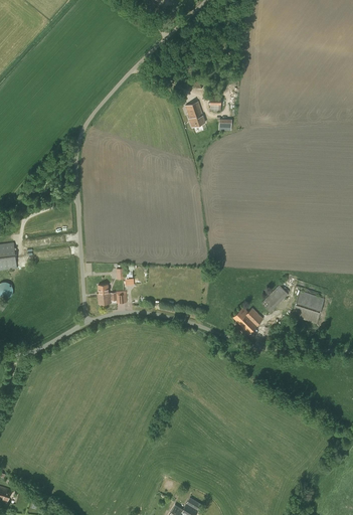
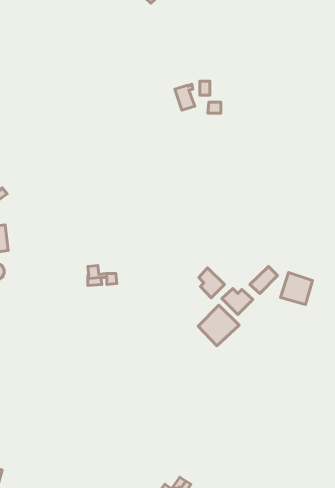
building: none -> [199,268,224,298]
building: none -> [198,305,239,346]

